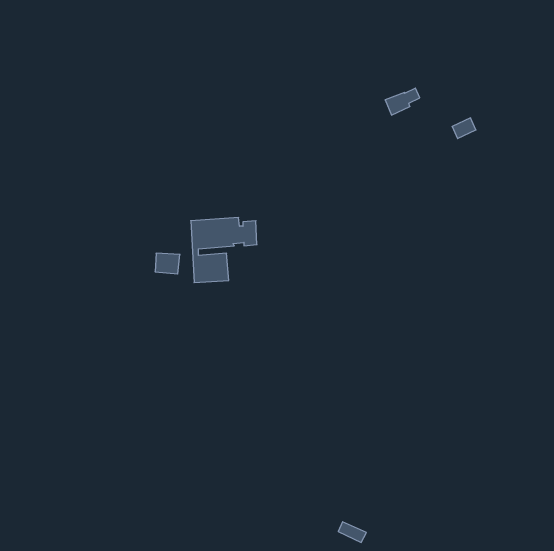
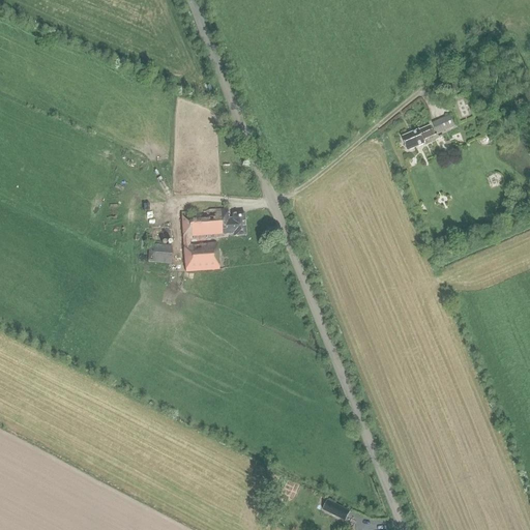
building: [385,88,420,115] -> [401,124,434,150]

